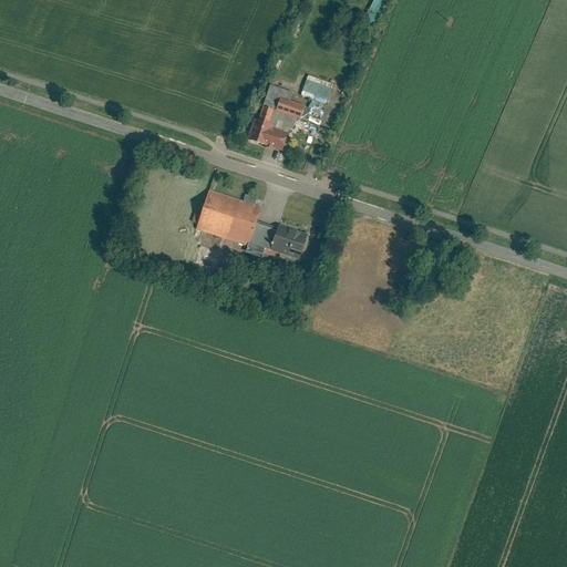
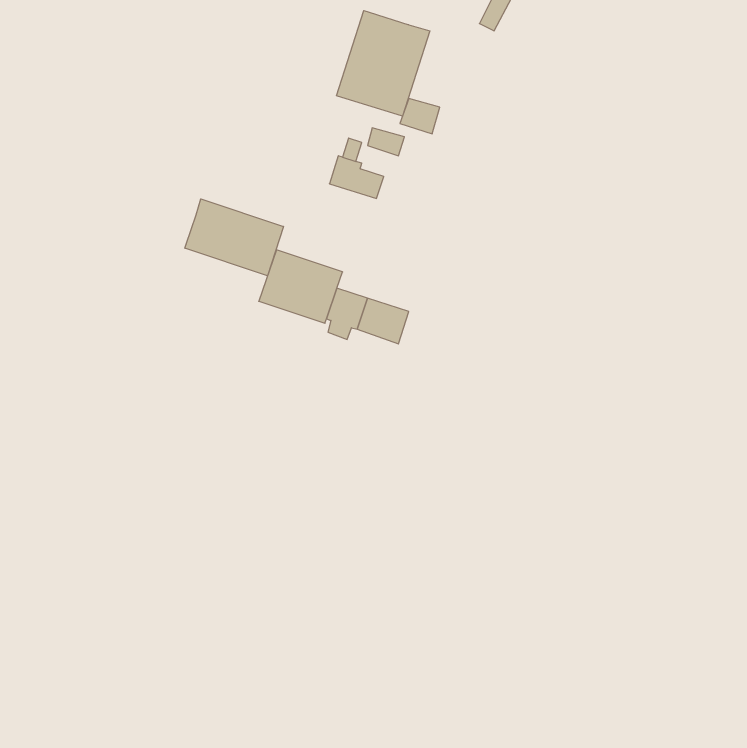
building: none -> [337,11,430,116]
building: none -> [185,199,283,276]

